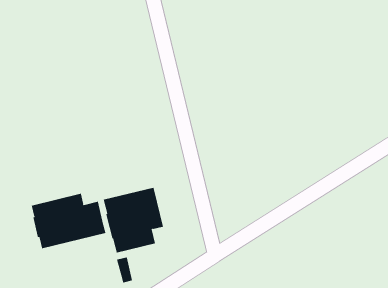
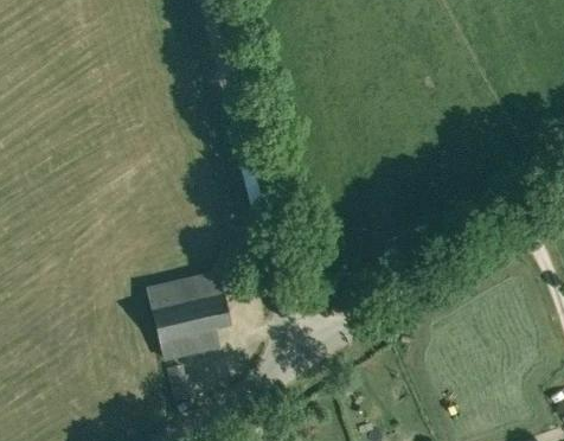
building: [31,193,106,249] -> none

